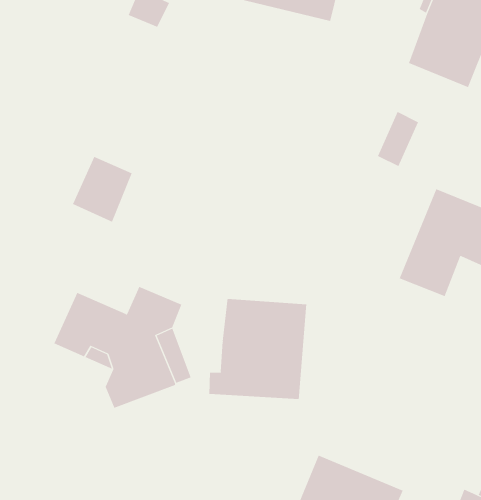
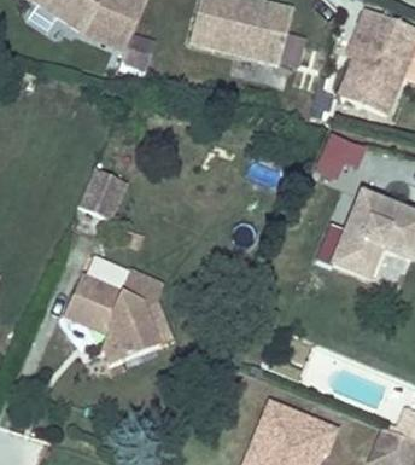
building: [209,298,307,400] -> none

